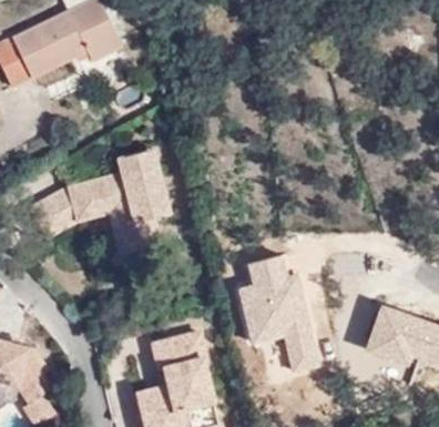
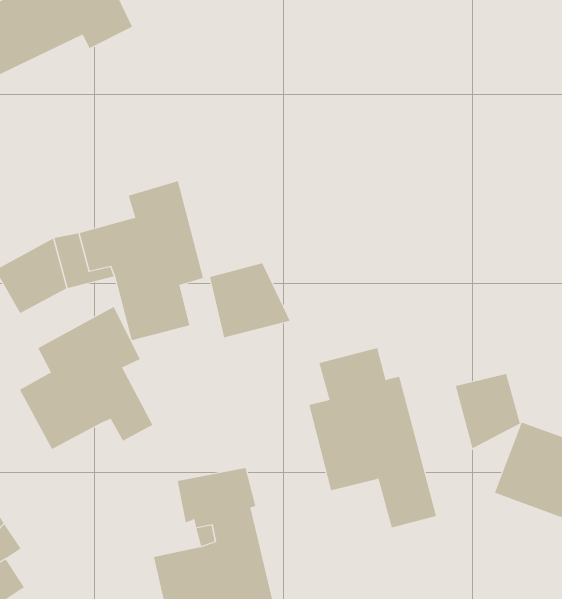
building: none -> [209,263,291,338]
building: none -> [19,306,153,450]
building: none -> [455,373,520,449]

